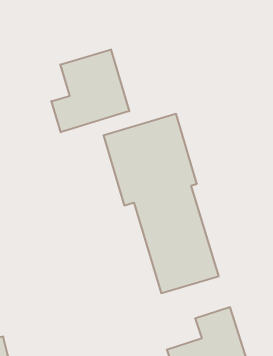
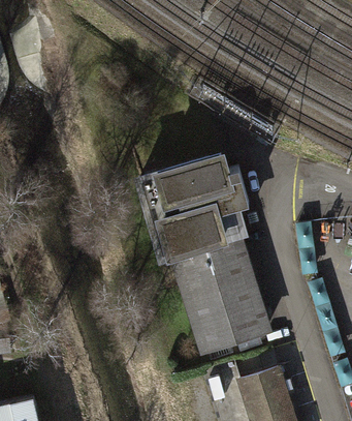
building: [51,49,129,132] -> none

